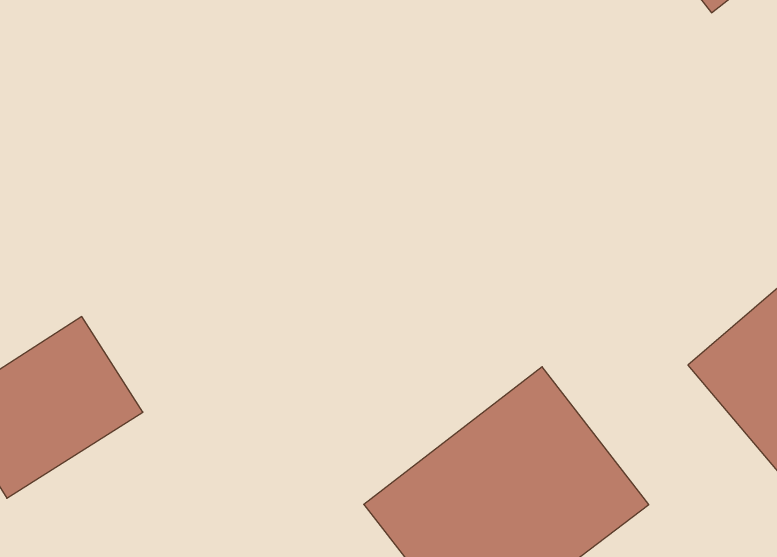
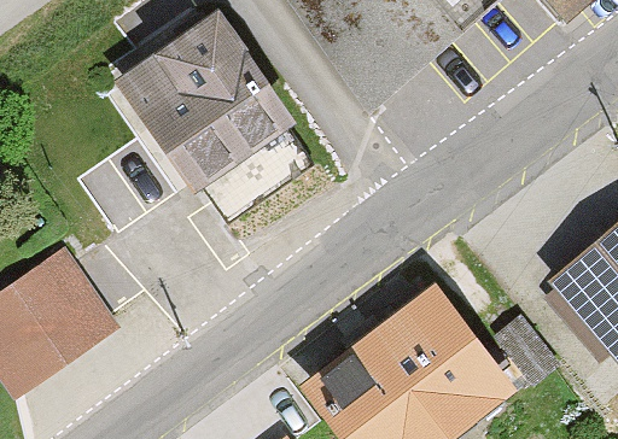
building: none -> [110,12,291,194]

